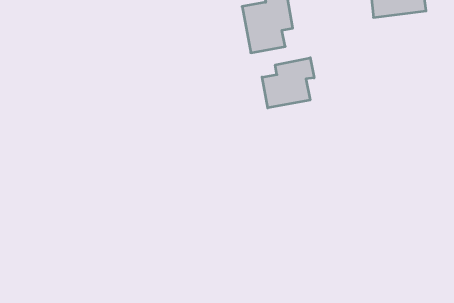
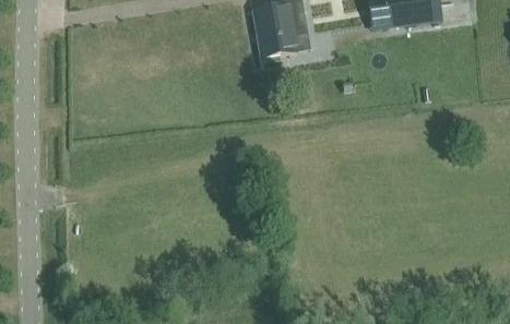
building: [262,58,314,108] -> none

